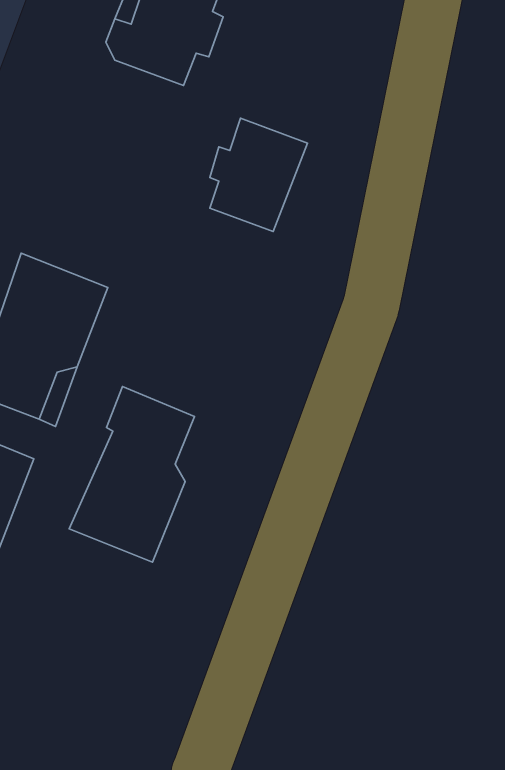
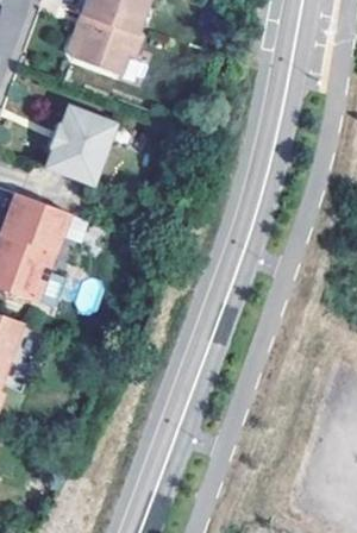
building: [210,118,307,232] -> [49,106,113,181]
building: [69,387,195,562] -> none

